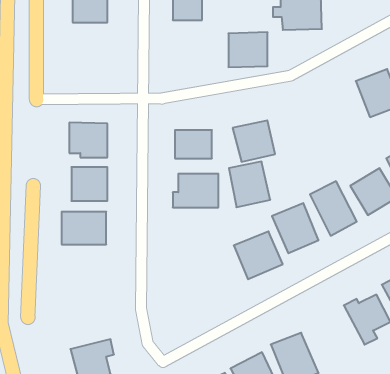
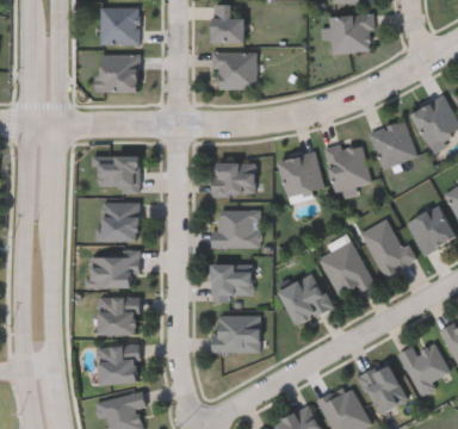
building: none -> [101,54,140,92]
building: [228,32,268,67] -> [213,51,256,89]
building: none -> [370,120,416,168]
building: [229,162,270,207] -> [326,142,371,192]
building: none -> [210,265,252,299]
building: none -> [98,297,138,335]
building: none -> [216,316,260,353]
building: none -> [98,344,141,384]
building: none -> [359,361,408,415]

